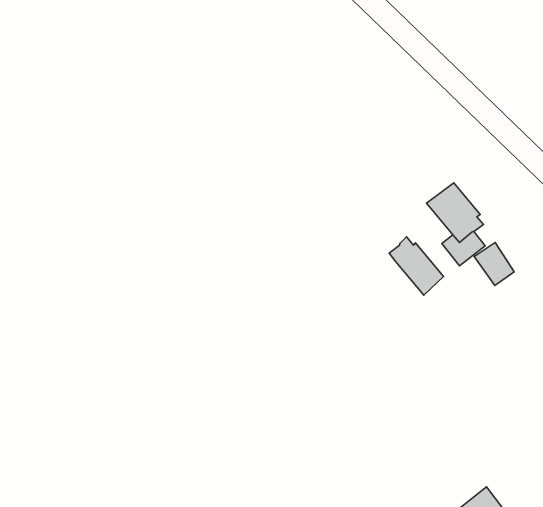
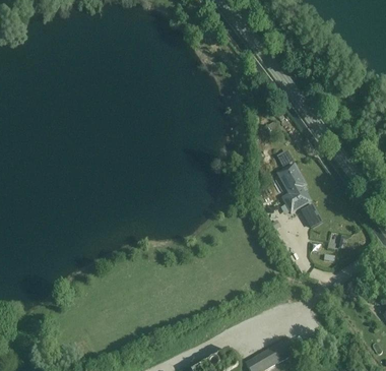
building: [389,237,444,295] -> none

